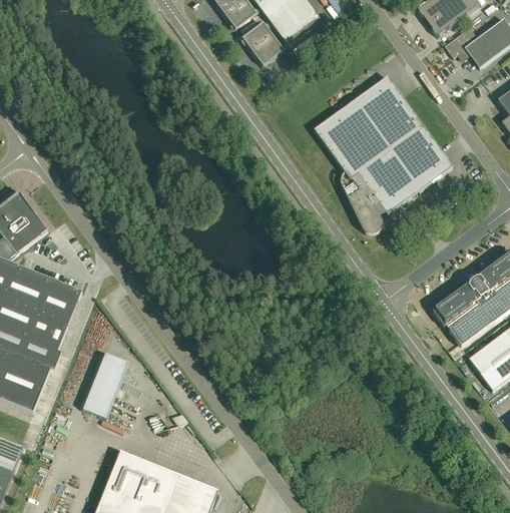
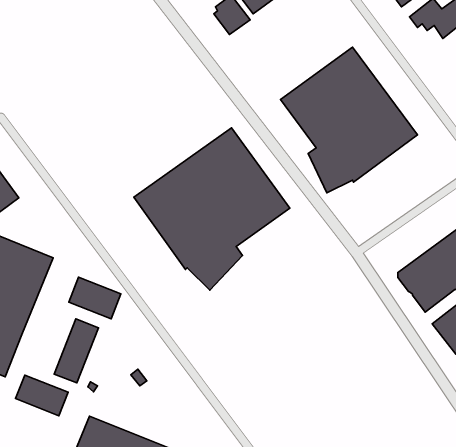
building: none -> [134,128,290,290]
building: none -> [69,277,121,319]
building: none -> [15,375,68,416]

